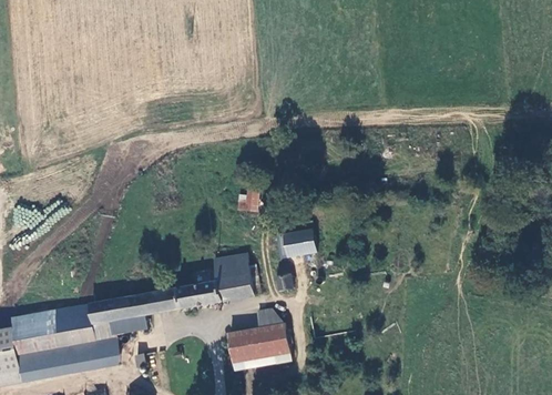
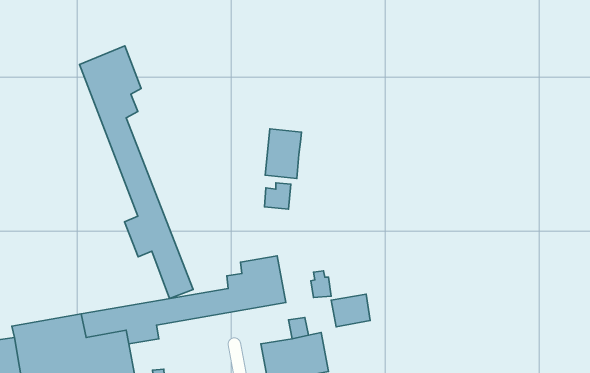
building: none -> [79,46,193,299]
building: none -> [265,129,302,178]
building: [279,230,314,259] -> [331,294,370,327]

